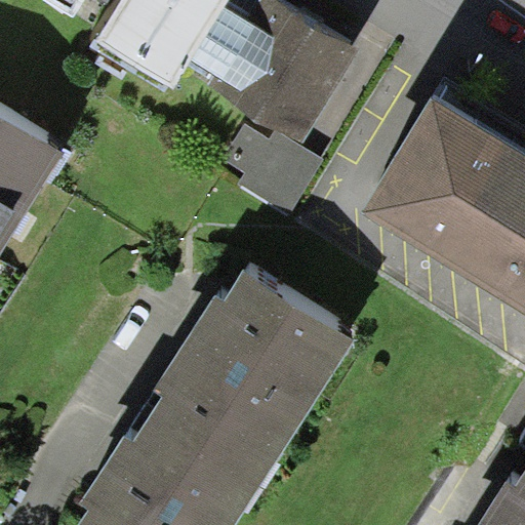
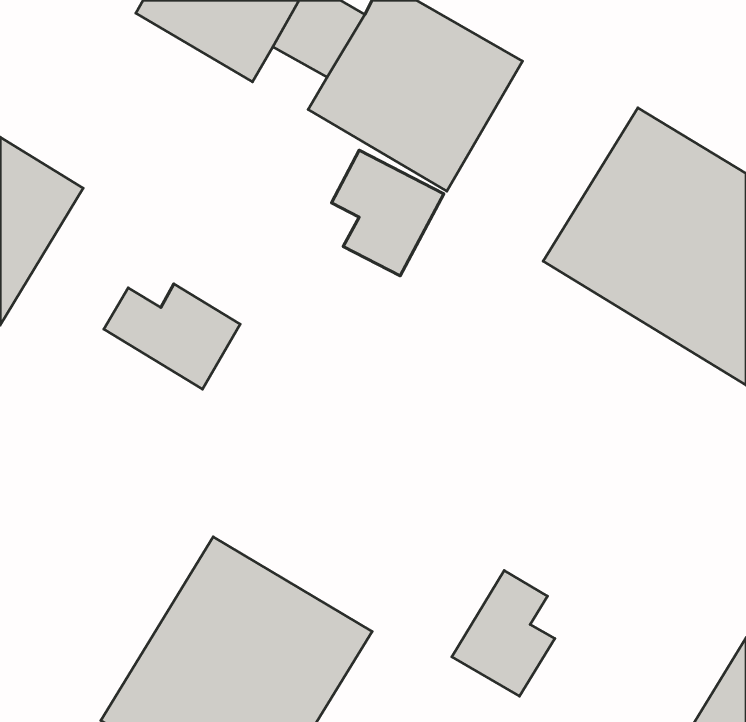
building: none -> [104,284,240,389]
building: [150,264,340,460] -> none
building: none -> [452,571,555,696]

